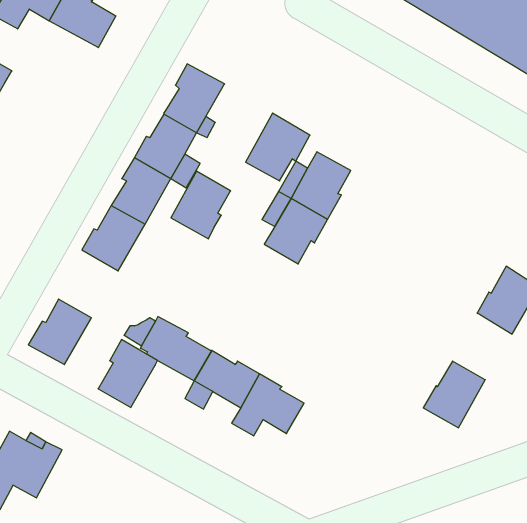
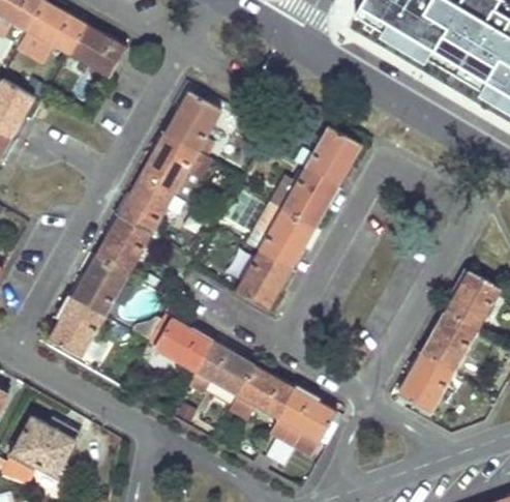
building: [246,113,310,181] -> [304,125,361,185]
building: [171,171,231,239] -> [235,250,288,311]
building: none -> [422,313,477,371]
building: [98,340,158,407] -> [76,256,128,316]
building: none -> [277,391,335,456]

